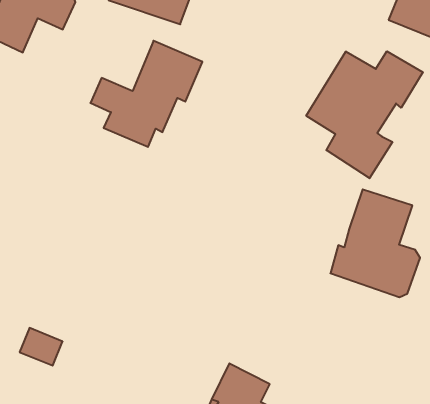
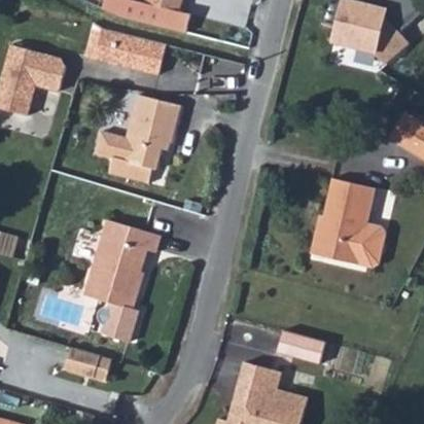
building: [306,51,423,178] -> none
building: none -> [76,216,148,342]
building: none -> [278,331,327,363]

